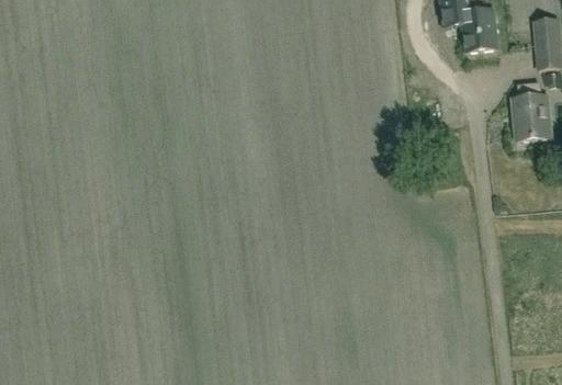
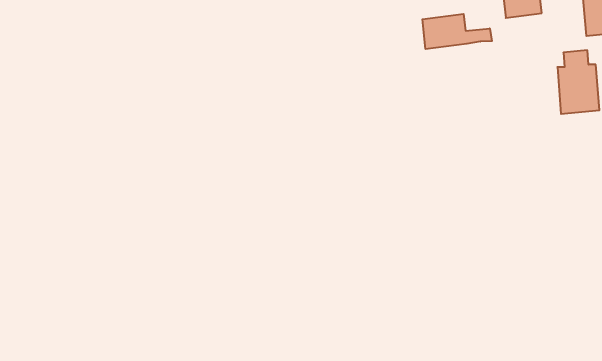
building: none -> [422,14,492,49]

